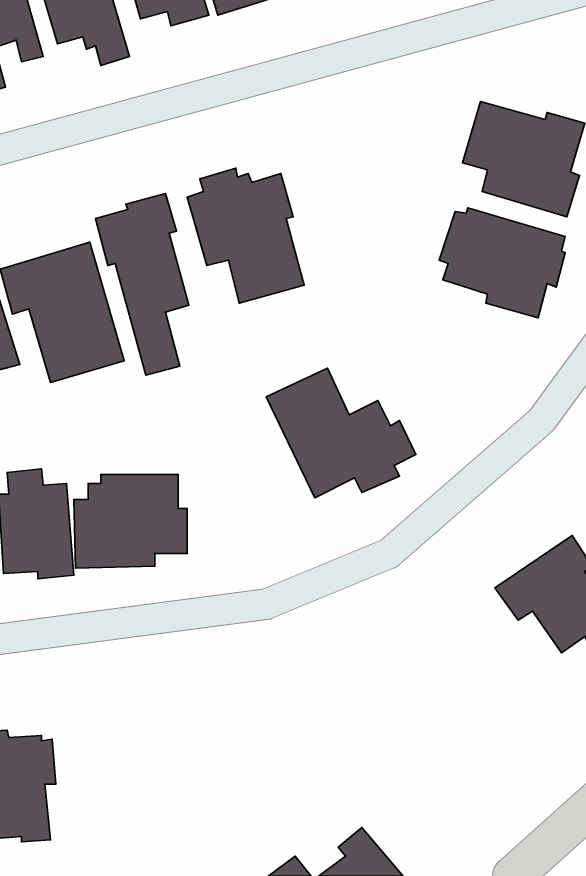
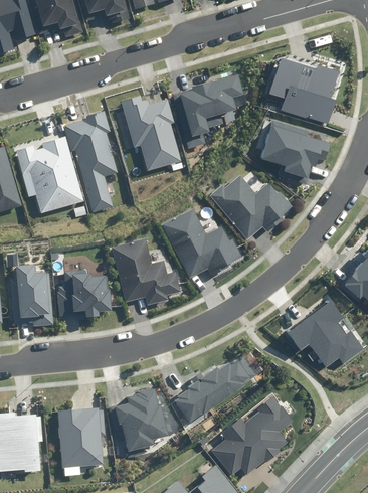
building: none -> [172,73,247,148]
building: none -> [211,175,295,240]
building: none -> [113,238,184,305]
building: none -> [174,356,254,422]
building: none -> [116,386,167,451]
building: none -> [211,395,293,475]
building: none -> [56,405,106,467]

